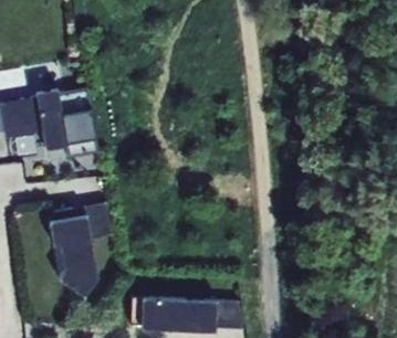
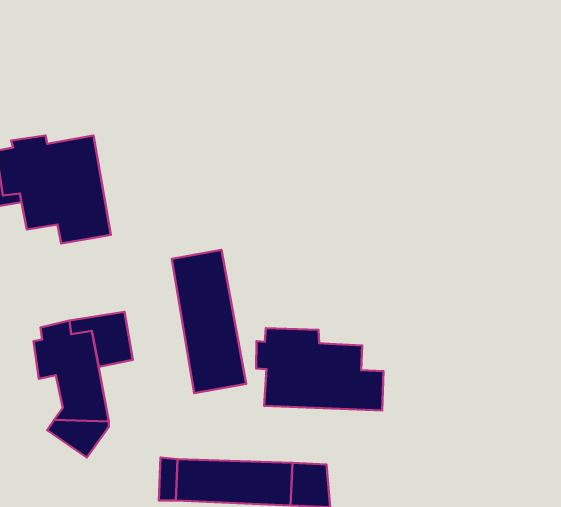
building: none -> [172,250,246,393]
building: none -> [256,328,384,411]

